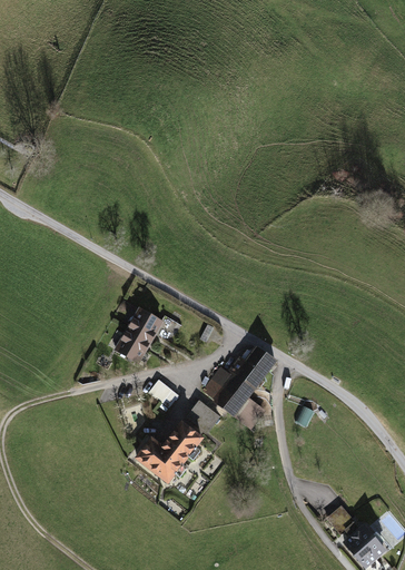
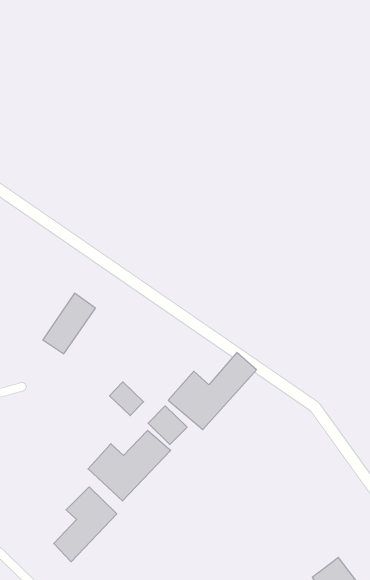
building: [117,306,162,362] -> [43,293,95,354]
building: none -> [54,487,117,562]

